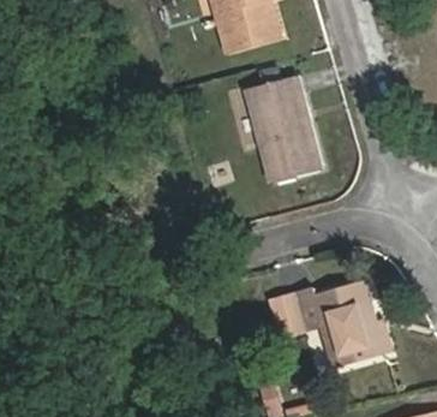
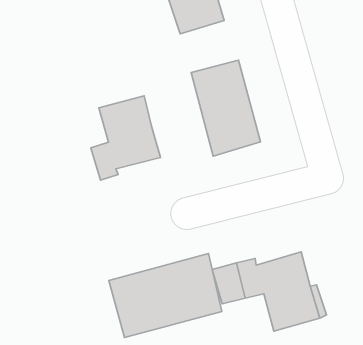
building: none -> [91,96,160,180]
building: none -> [109,253,222,338]

